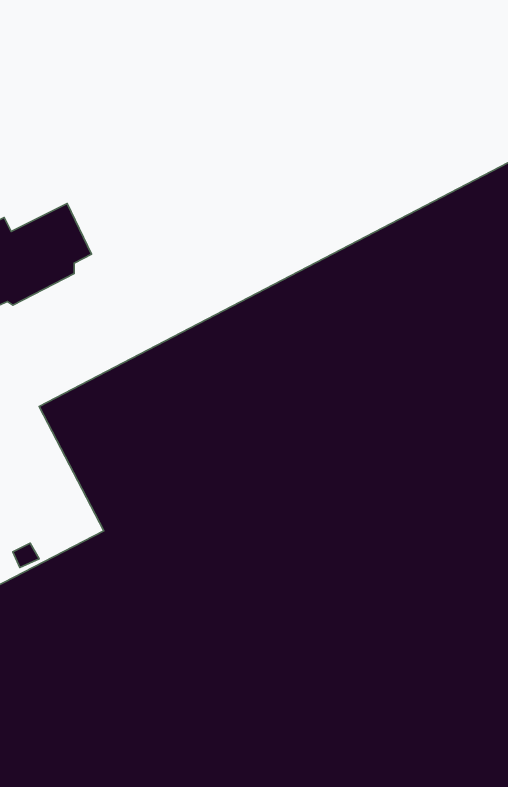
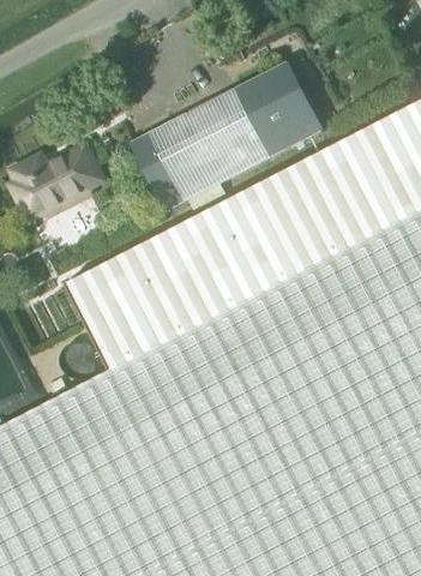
building: none -> [133,62,321,210]

